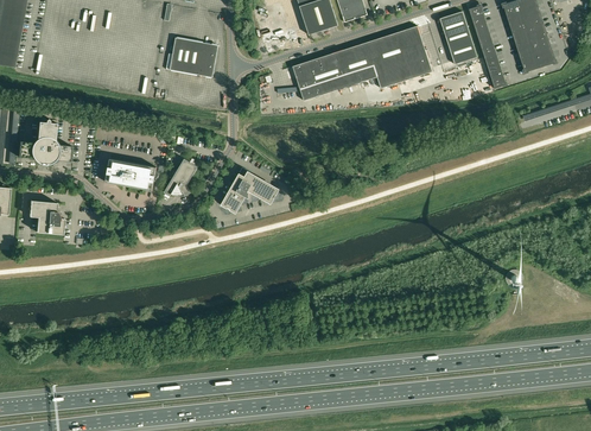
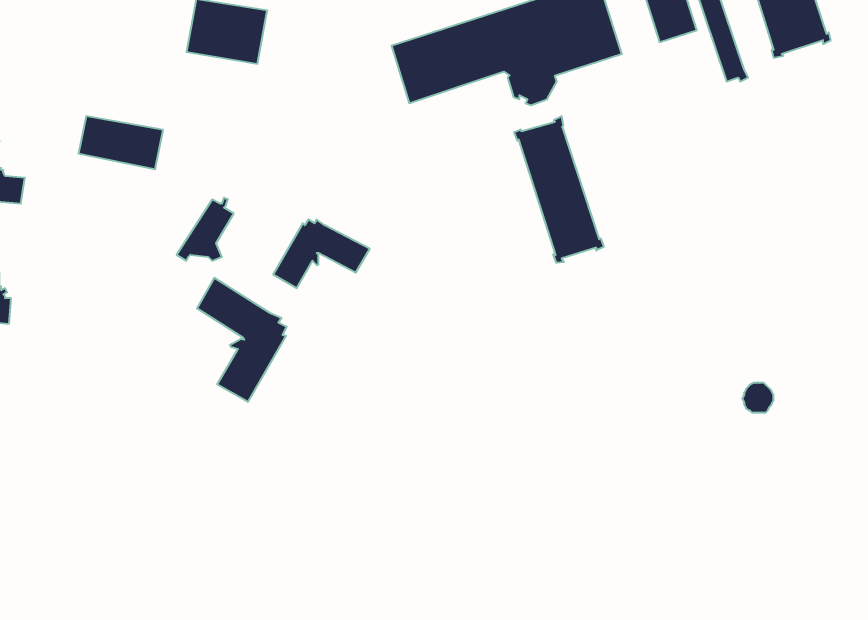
building: none -> [514,116,604,263]
building: [104,159,155,191] -> [78,116,163,169]
building: none -> [197,278,287,402]

